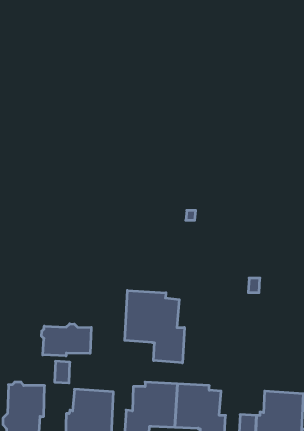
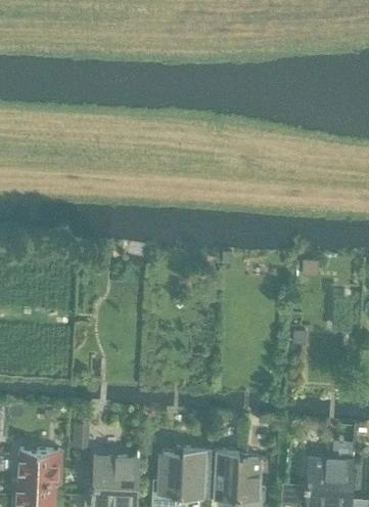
building: [125,290,184,363] -> none
building: [41,324,91,356] -> none

